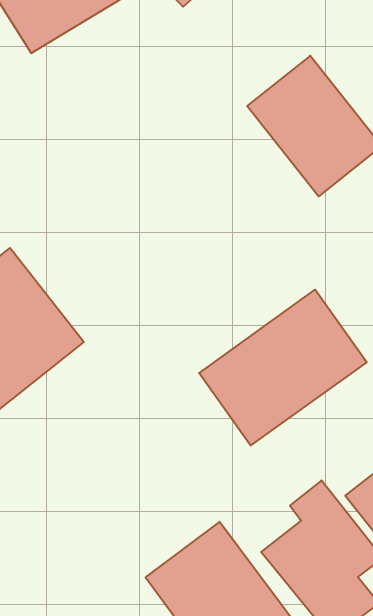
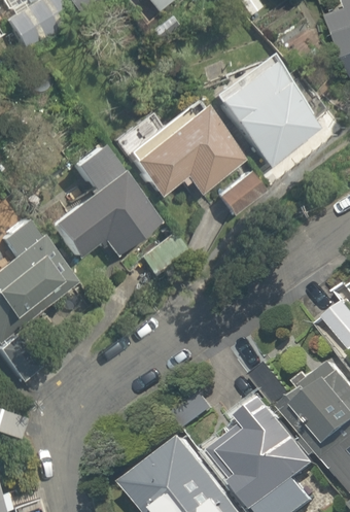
building: none -> [136,100,271,215]
building: none -> [46,147,161,264]
building: [199,290,367,446] -> none

